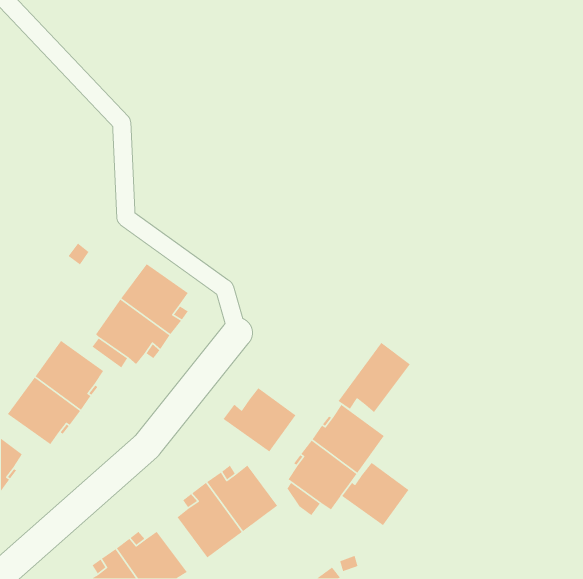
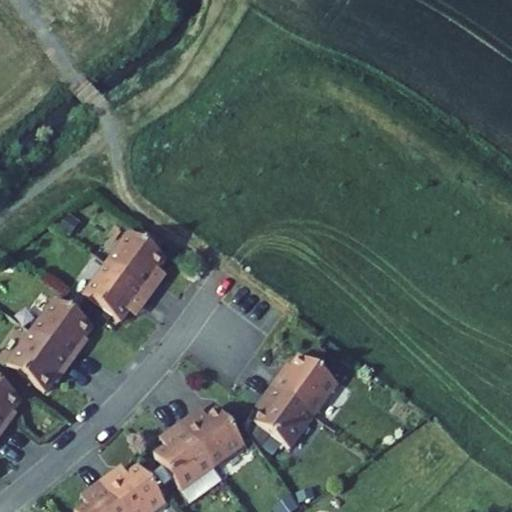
building: [337,342,411,413] -> none
building: [222,387,296,453] -> none
building: [341,462,410,526] -> none

